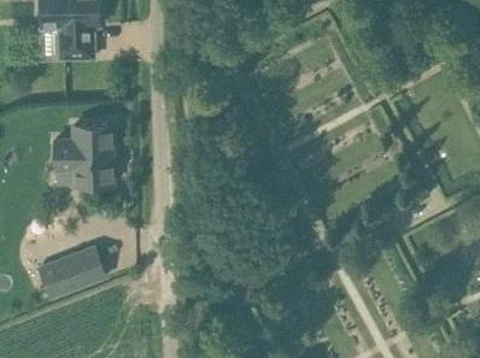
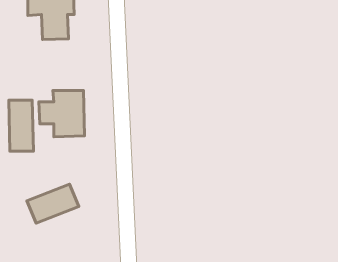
building: none -> [9,100,33,151]

